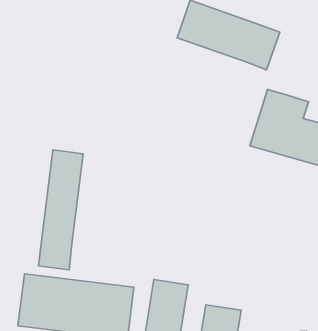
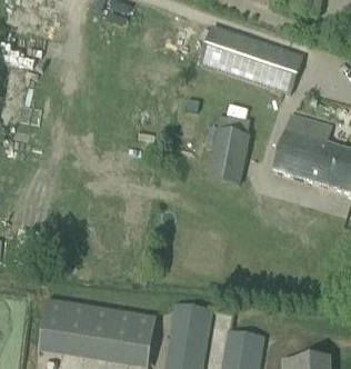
building: none -> [207,116,251,184]
building: [39,150,83,270] -> none

